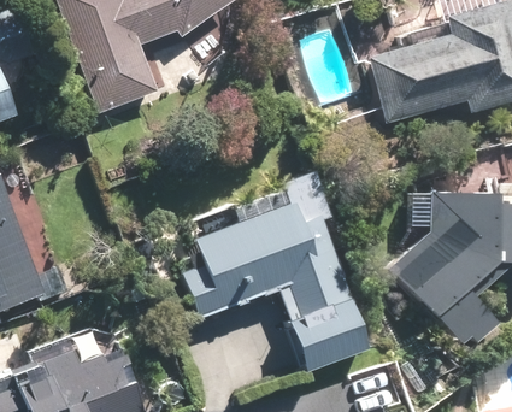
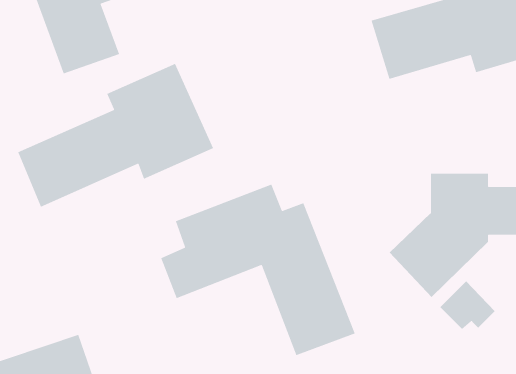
building: none -> [17,63,214,208]

